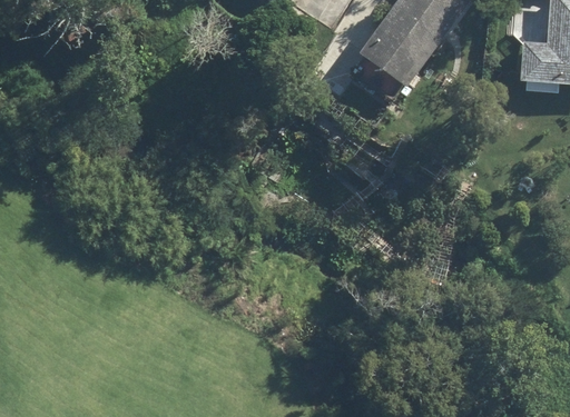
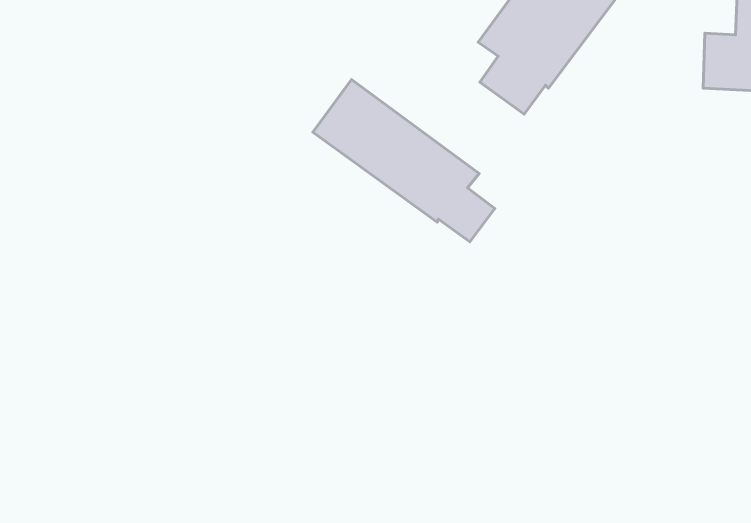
building: none -> [313,79,495,242]

